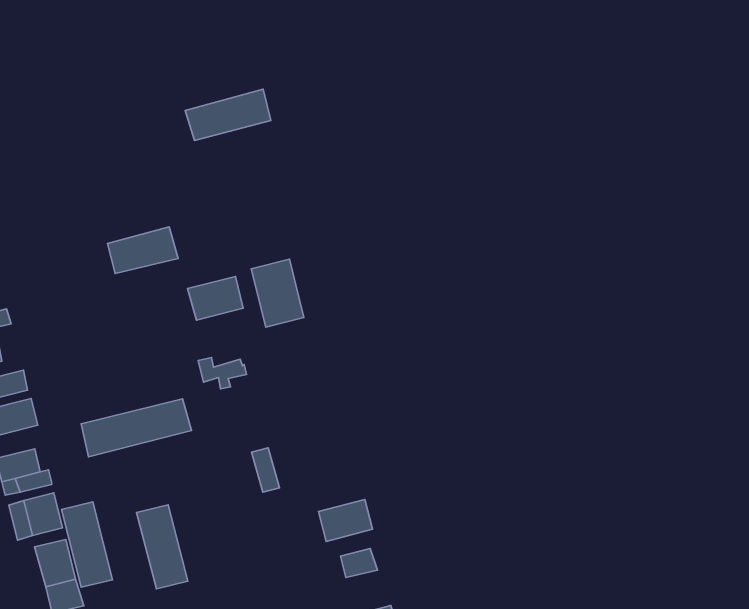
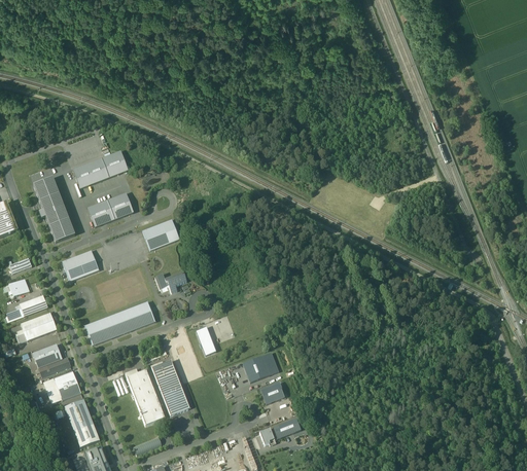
building: [185,89,271,140] -> [72,150,128,188]
building: none -> [33,177,74,242]
building: [251,259,304,327] -> none
building: none -> [62,250,99,281]
building: [61,502,113,587] -> [151,360,189,415]

